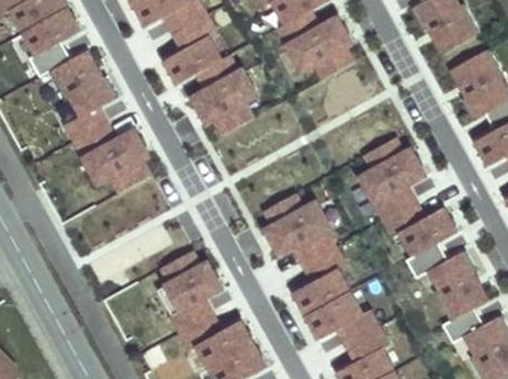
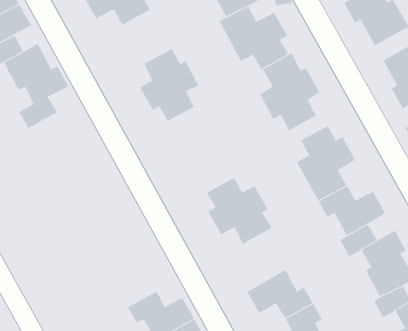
building: [166,15,221,83] -> none
building: none -> [259,53,320,131]
building: [75,124,149,192] -> none
building: [294,247,349,315] -> none
building: [157,250,221,332] -> none

